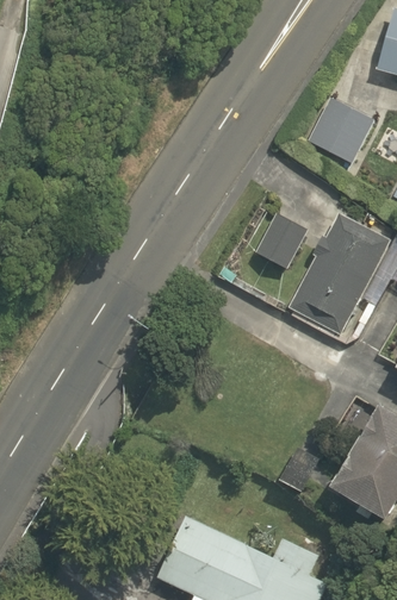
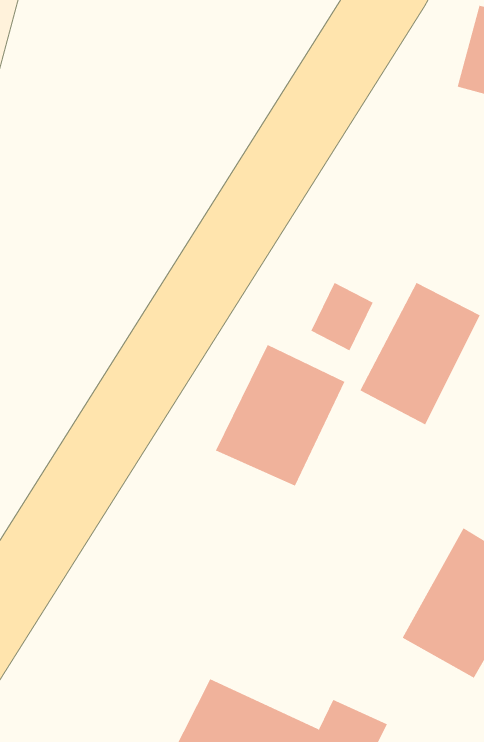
building: [308,92,378,164] -> none
building: none -> [215,344,345,487]

